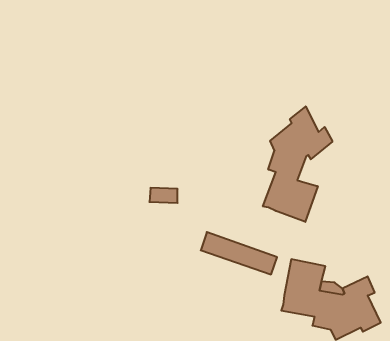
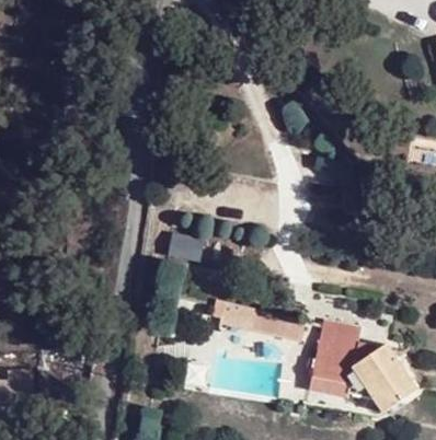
building: [263,106,332,222] -> none

